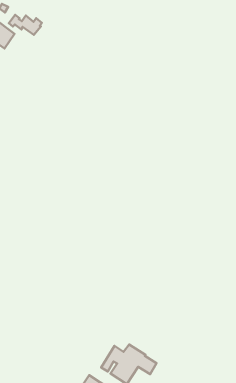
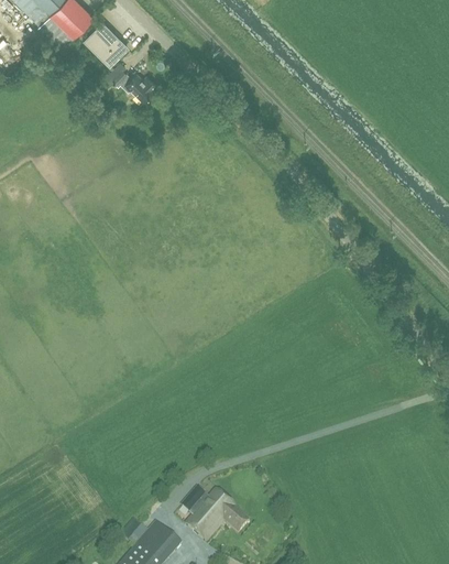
building: [9,15,42,35] -> [113,69,157,100]

